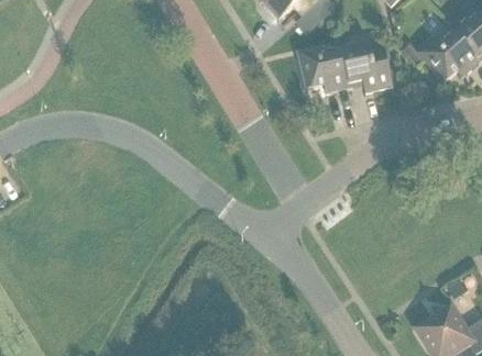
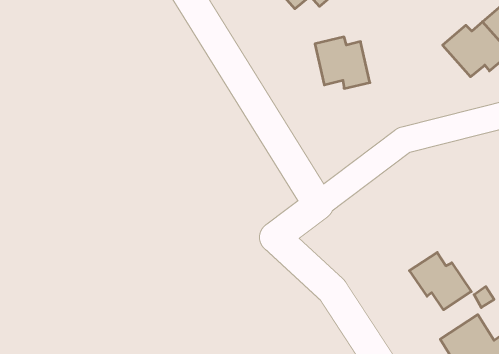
building: [341,41,394,90] -> none
building: none -> [409,252,471,310]

